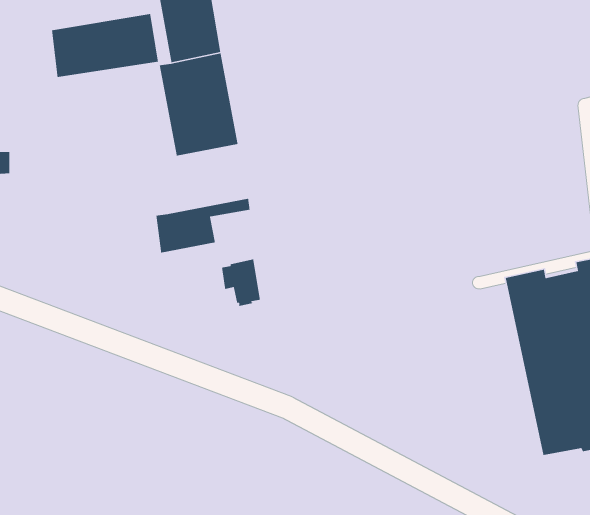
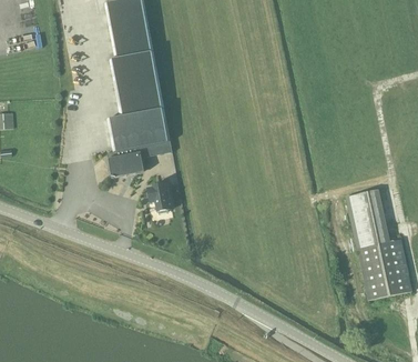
building: [51,13,159,78] -> none
building: none -> [110,107,167,151]

